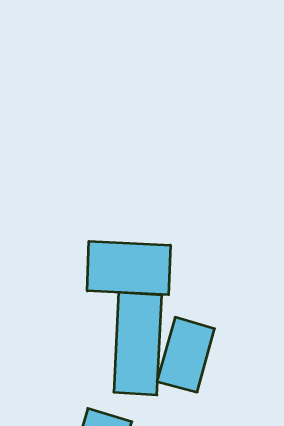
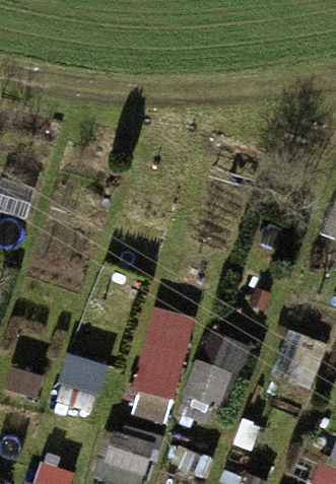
building: [87,241,170,295] -> none

